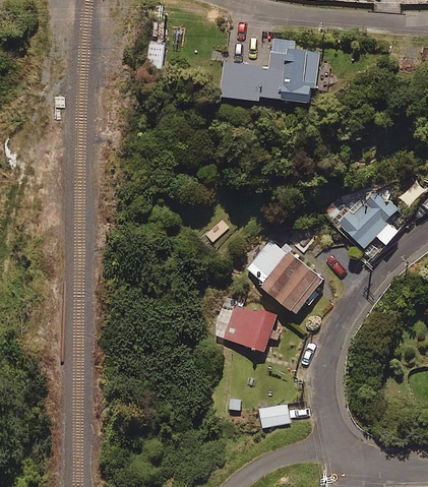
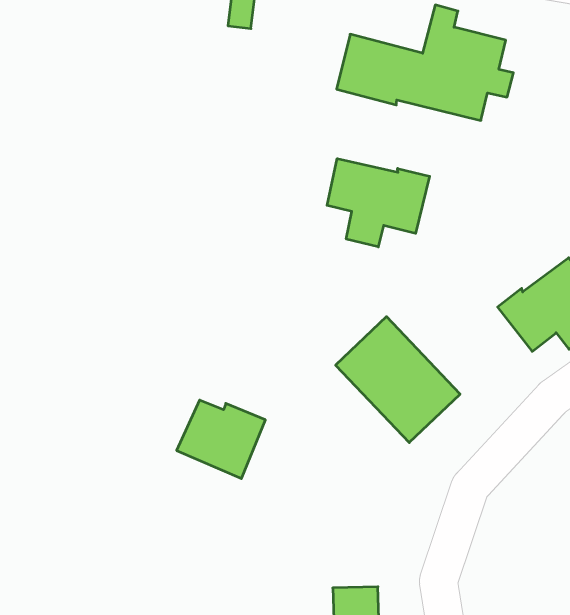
building: none -> [327,159,430,247]
building: [223,305,274,350] -> [177,400,265,479]

